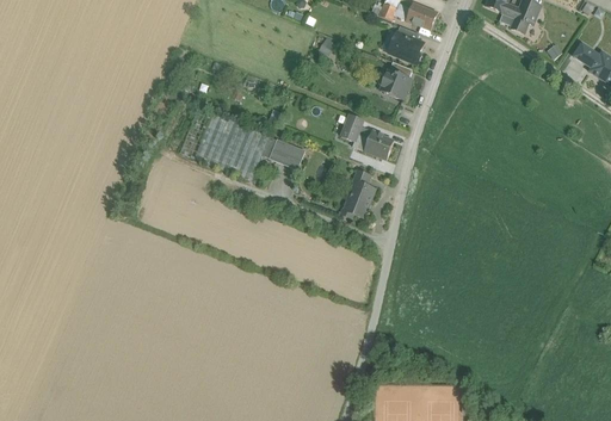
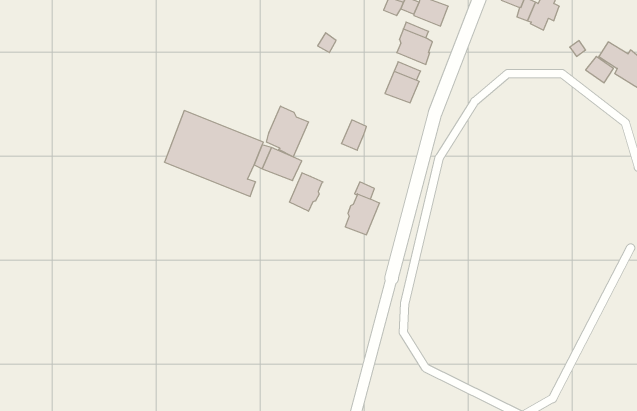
building: none -> [267,106,308,157]
building: [352,126,393,157] -> none
building: none -> [289,173,323,211]

